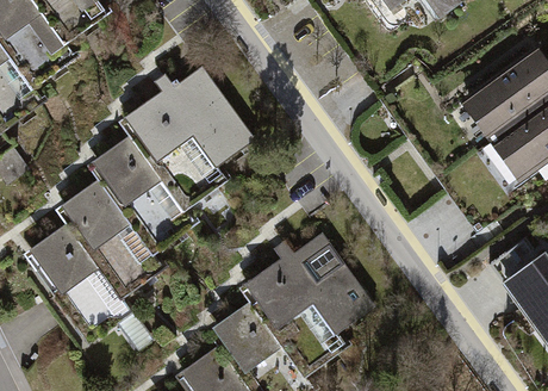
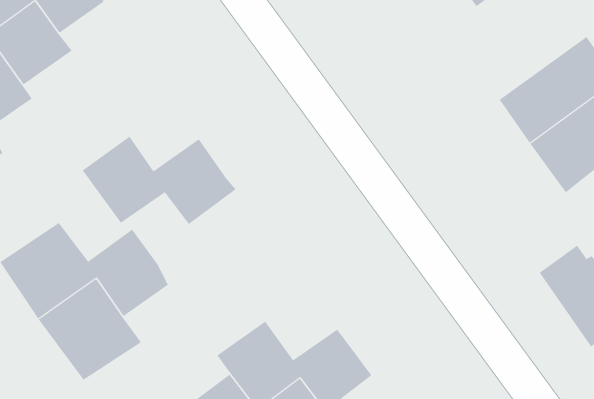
building: [117,60,259,170] -> none
building: [62,181,186,247] -> none
building: [241,231,375,334] -> none

